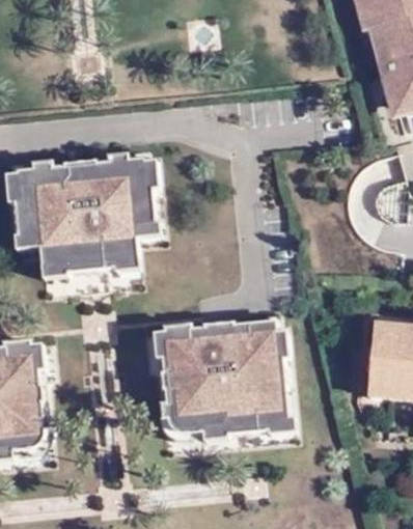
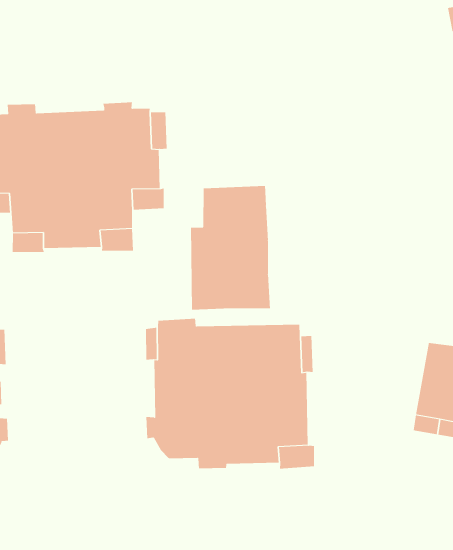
building: none -> [190,185,270,310]

